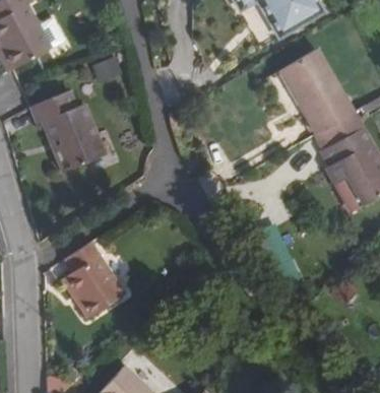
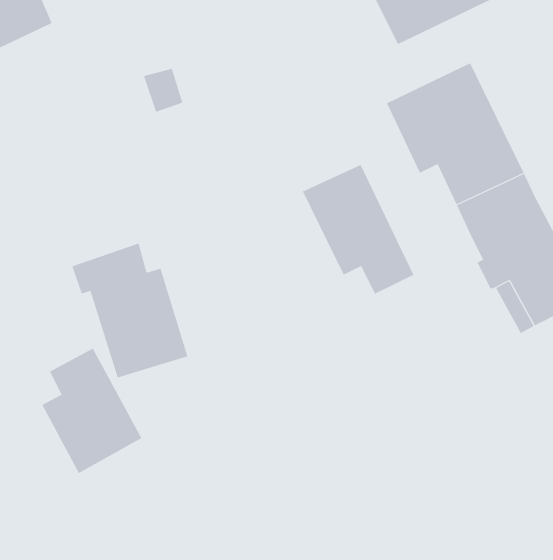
building: [31,88,106,171] -> [72,243,188,378]
building: none -> [302,164,414,295]

